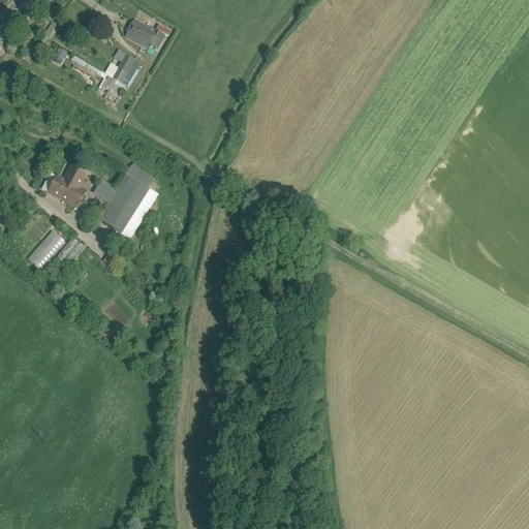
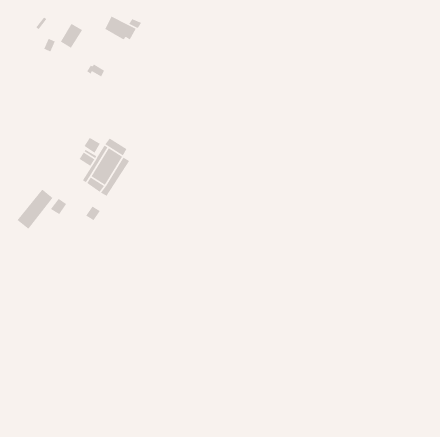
building: [113,54,141,85] -> [60,23,83,49]
building: [42,164,87,207] -> none

